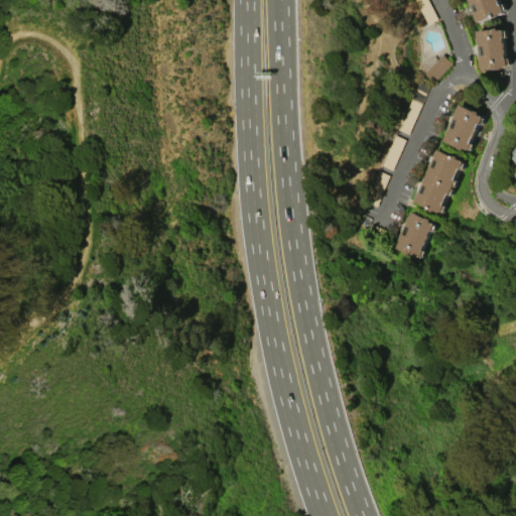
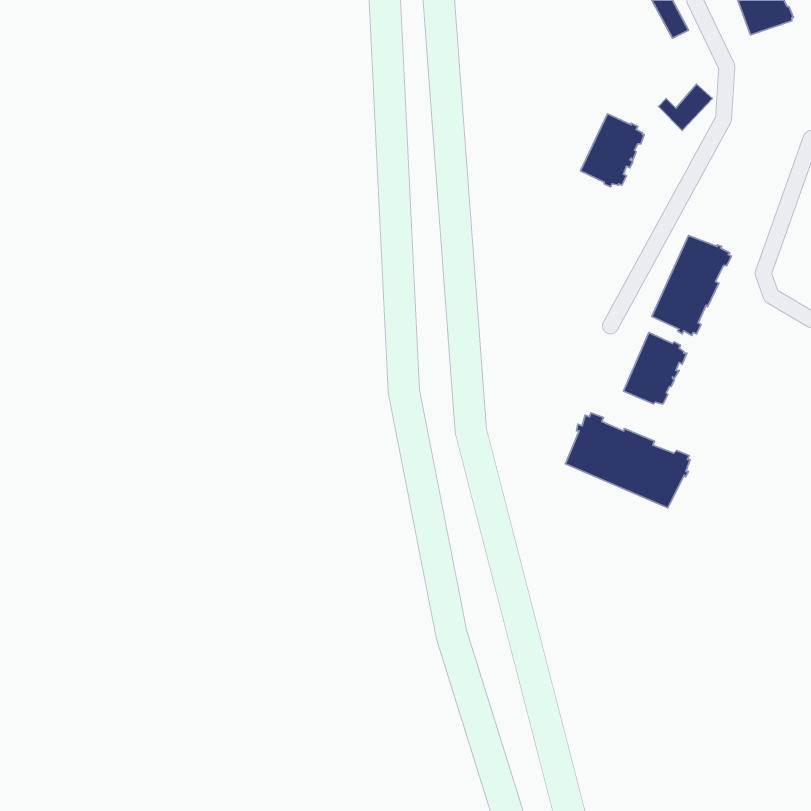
building: [476,28,507,72] -> none
building: [442,105,483,151] -> [580,114,644,187]
building: none -> [566,413,690,508]

